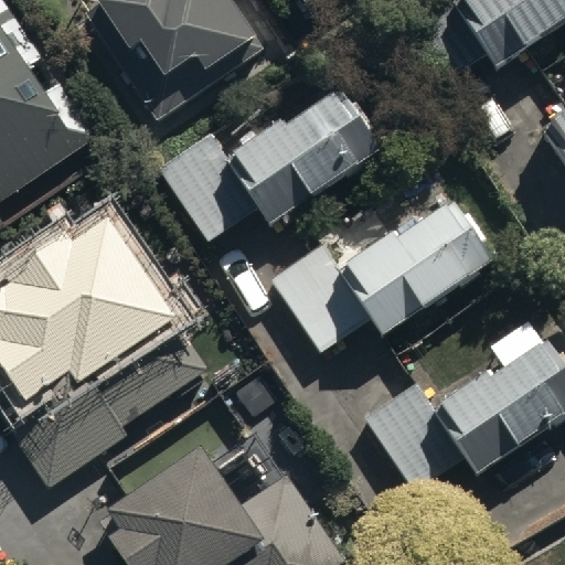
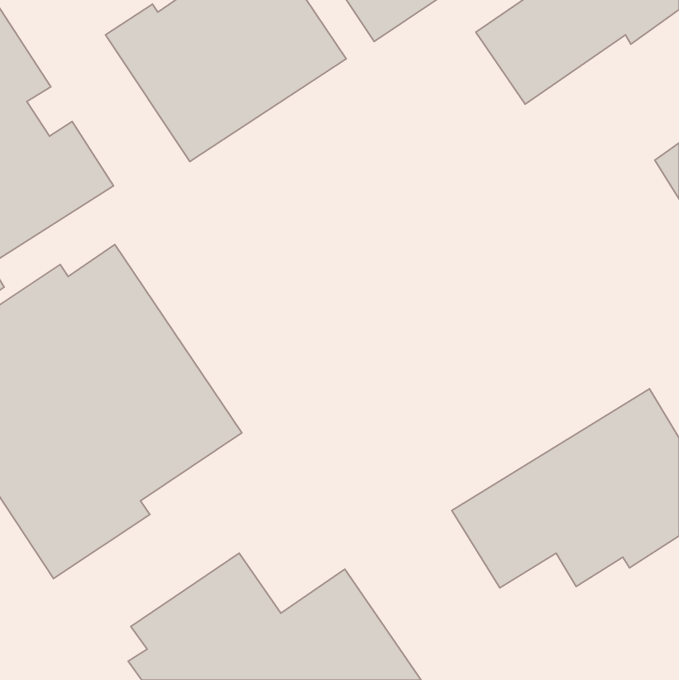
building: [161,64,384,228] -> none
building: [282,180,495,343] -> none

